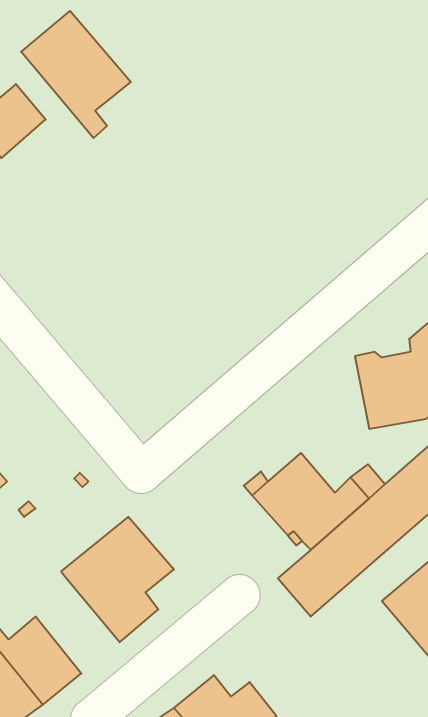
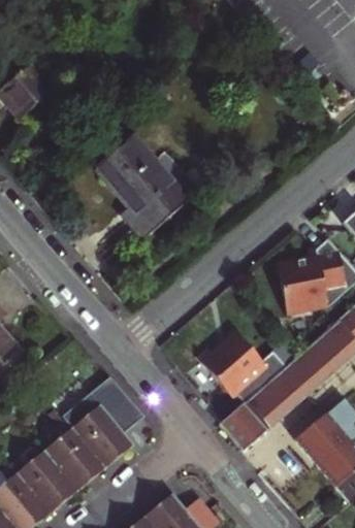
building: [21,11,131,138] -> none
building: none -> [97,136,189,238]
building: none -> [44,421,105,492]

